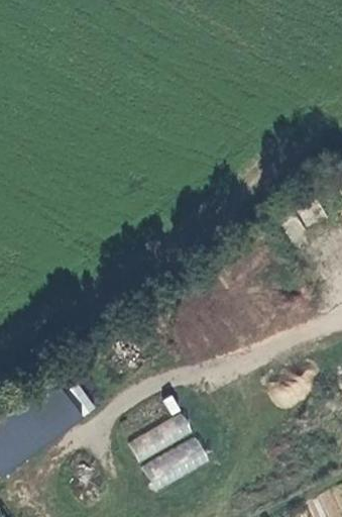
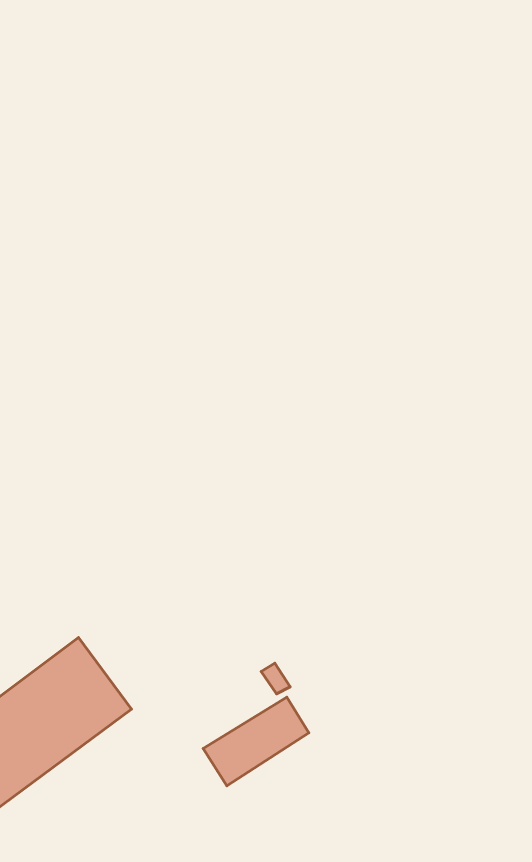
building: [141,434,204,487] -> none

